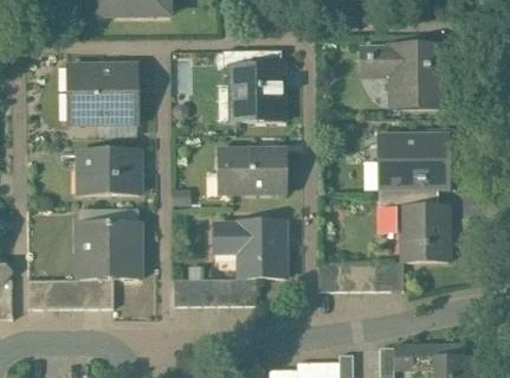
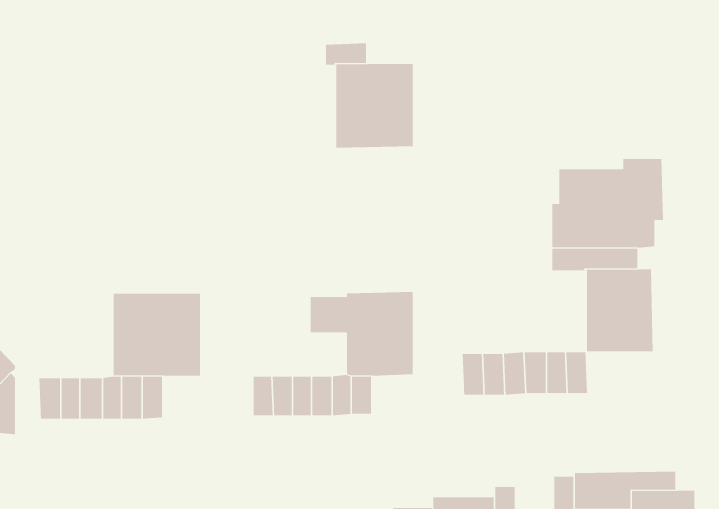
building: [361,45,444,104] -> none
building: [67,64,138,123] -> none
building: [218,148,284,191] -> none
building: [79,150,138,193] -> none

